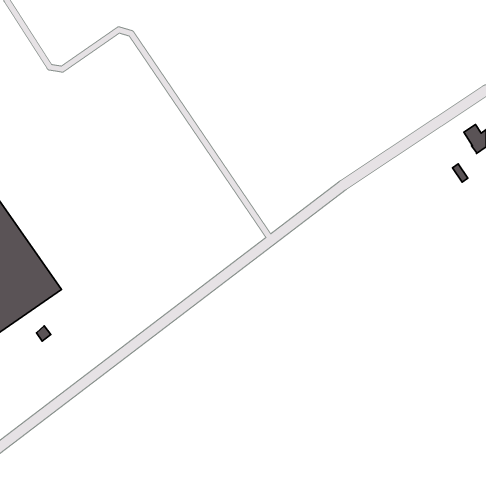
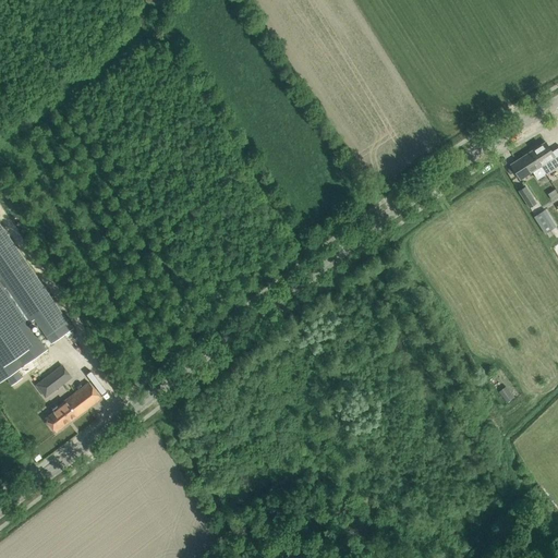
building: none -> [507,153,542,181]
building: none -> [41,385,97,434]

